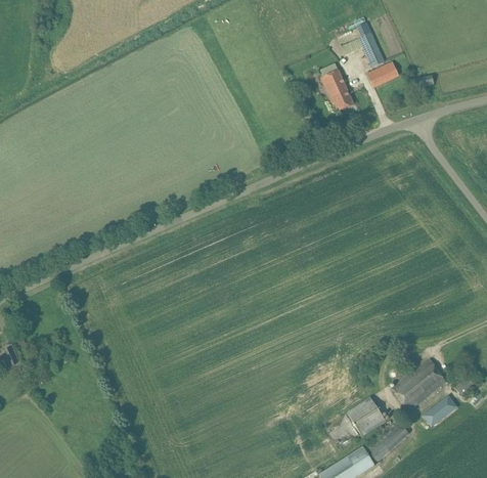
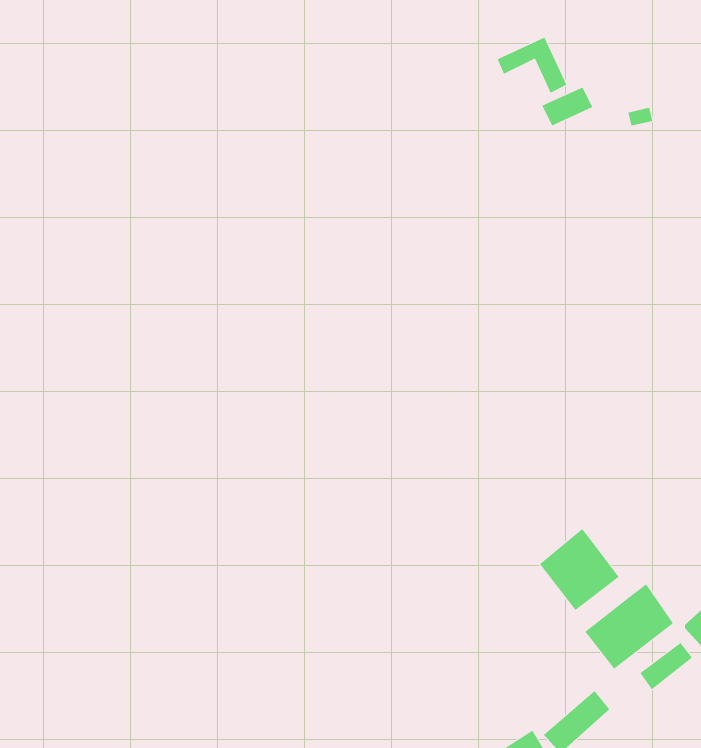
building: [321,71,353,111] -> none
building: none -> [539,528,619,611]
building: [347,396,386,436] -> none

